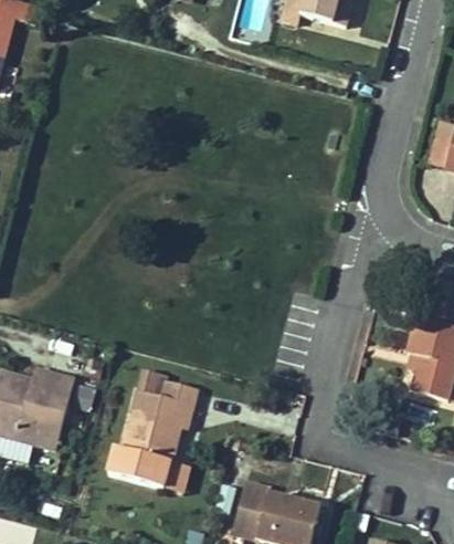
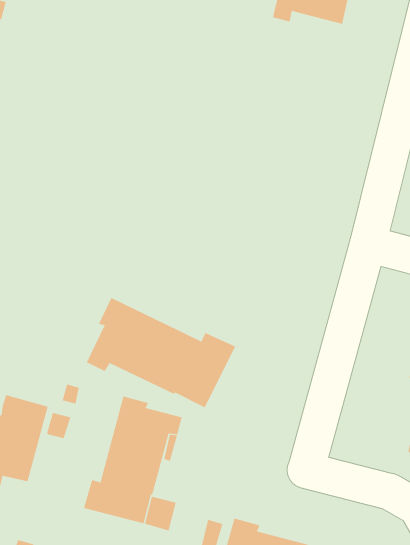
building: none -> [86,297,236,408]

